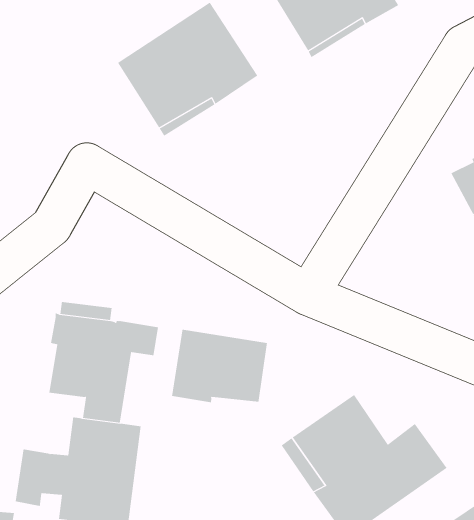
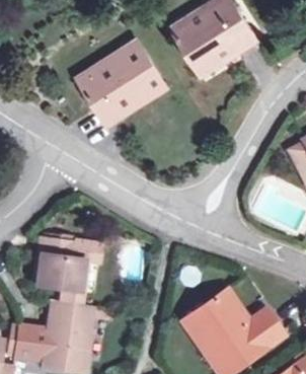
building: [172,329,267,403] -> none

